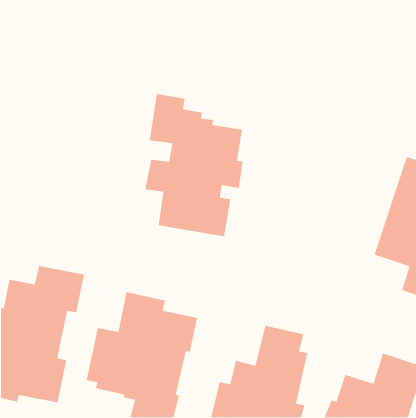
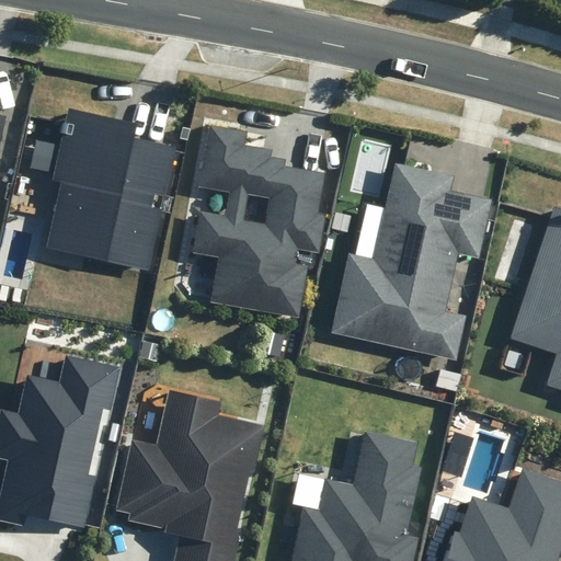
building: none -> [38,113,169,275]
building: none -> [334,161,495,359]

